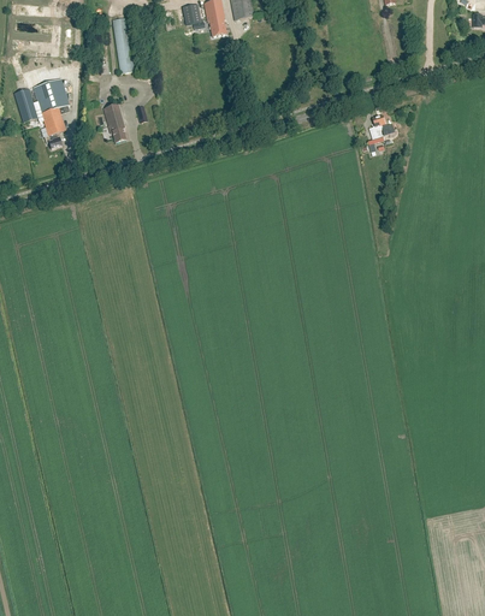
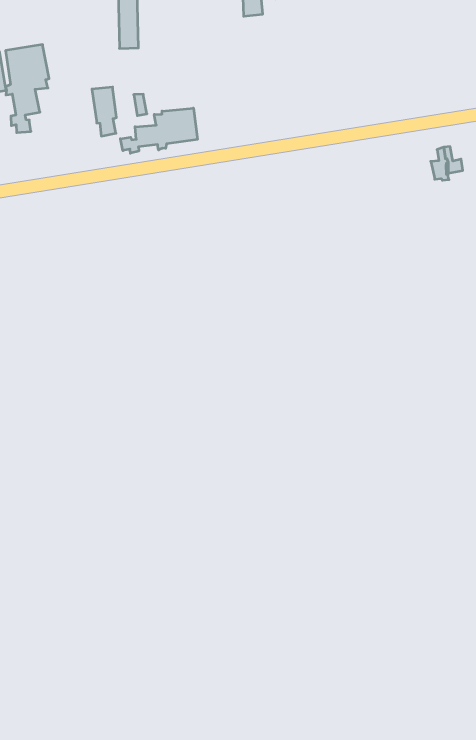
building: none -> [120,108,197,153]

